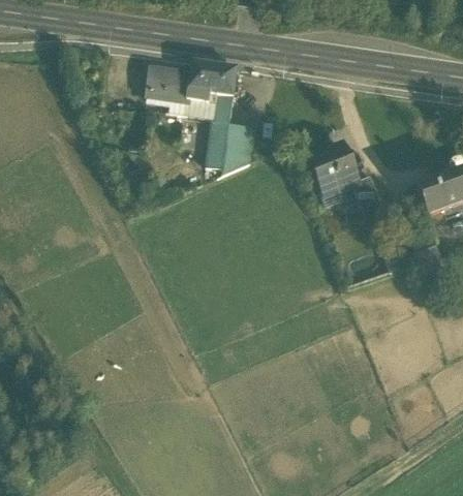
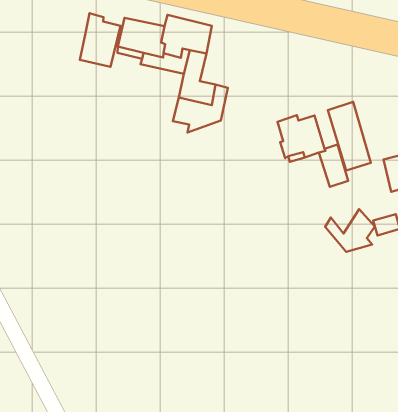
building: none -> [80,13,120,67]
building: none -> [328,102,371,171]
building: none -> [325,209,375,252]

